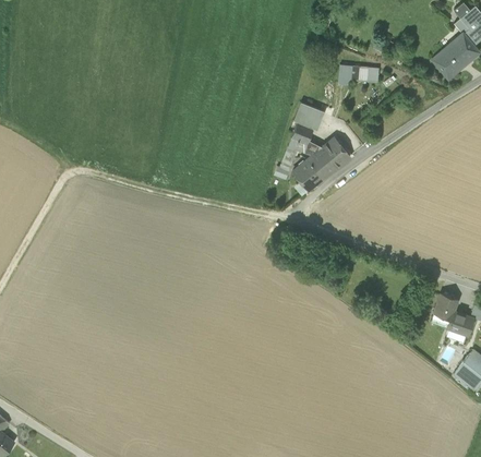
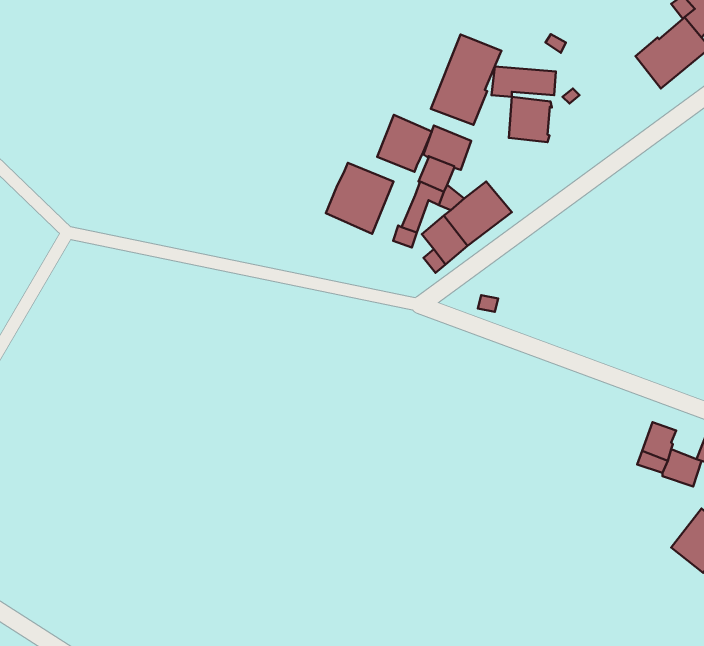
building: none -> [431,34,501,125]
building: none -> [509,97,552,142]
building: none -> [377,115,432,172]
building: none -> [326,163,393,234]

